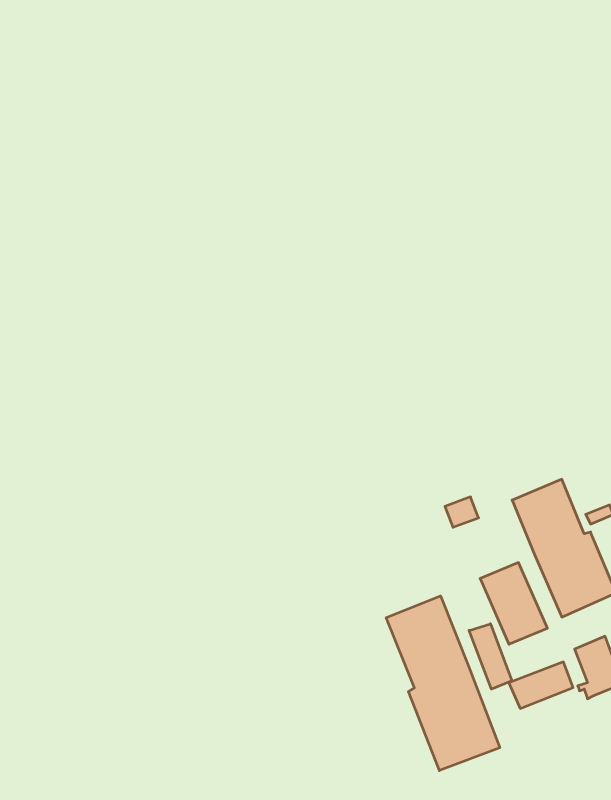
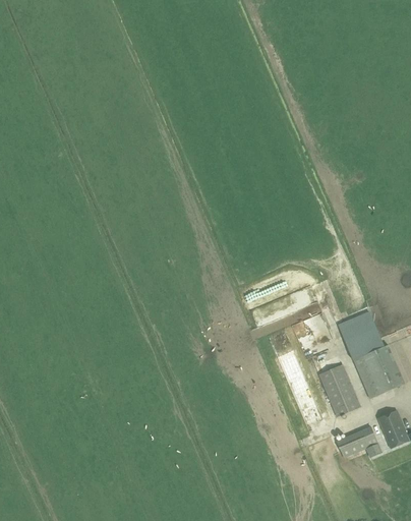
building: [386,596,500,771] -> none
building: [469,624,512,689] -> none

